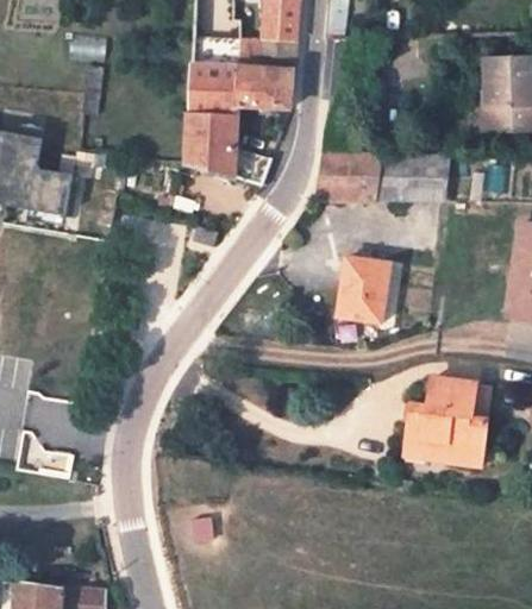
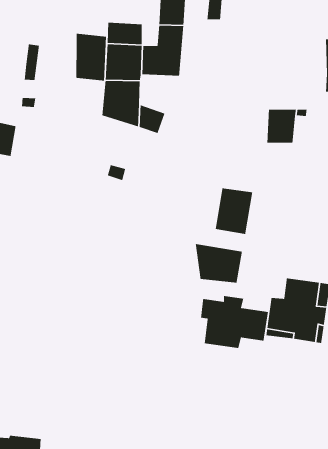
building: none -> [75,33,107,81]
building: [314,151,407,200] -> none
building: none -> [195,243,243,284]
building: none -> [200,295,269,349]

